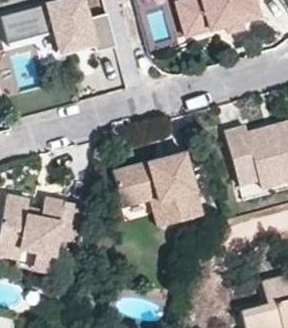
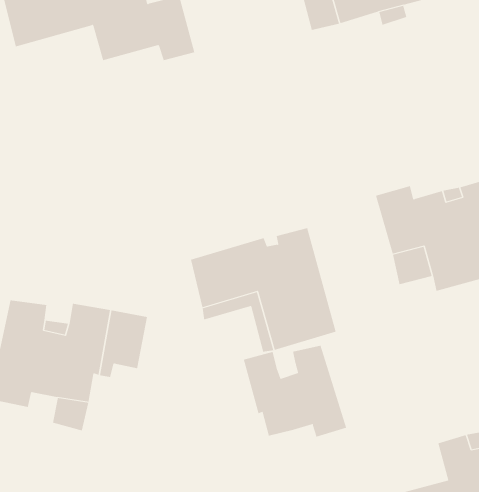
building: none -> [243,345,347,437]

